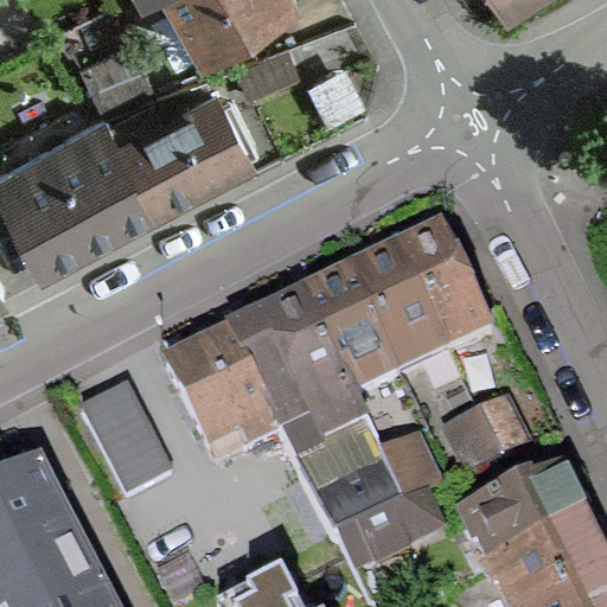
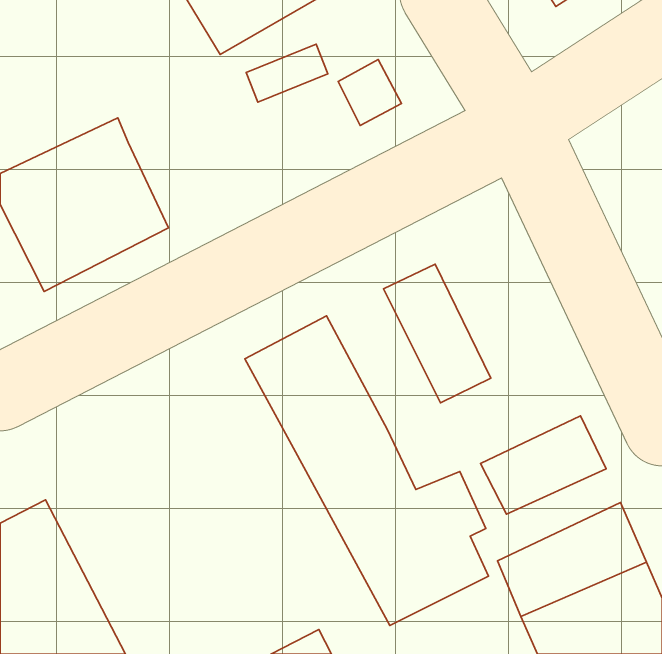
building: [117,79,257,209] -> none
building: [398,219,496,346] -> none
building: [299,264,403,394] -> none
building: [159,328,270,449] -> none
building: [82,382,173,492] -> none

